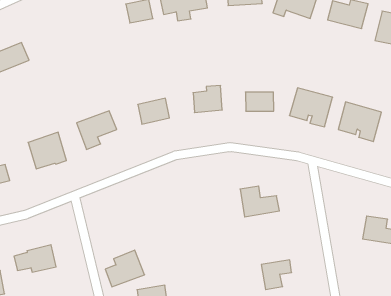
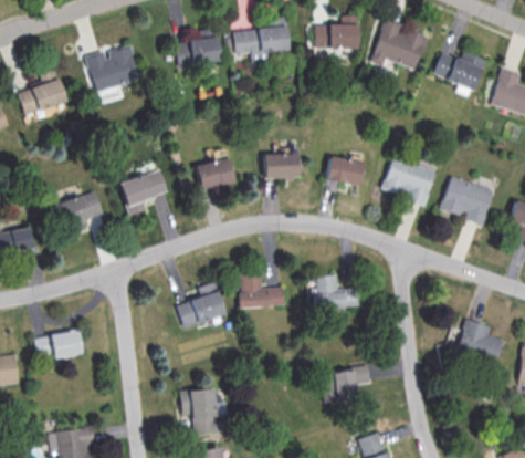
building: none -> [86,45,140,90]
building: none -> [239,272,285,306]
building: [105,250,145,287] -> [177,283,224,326]

